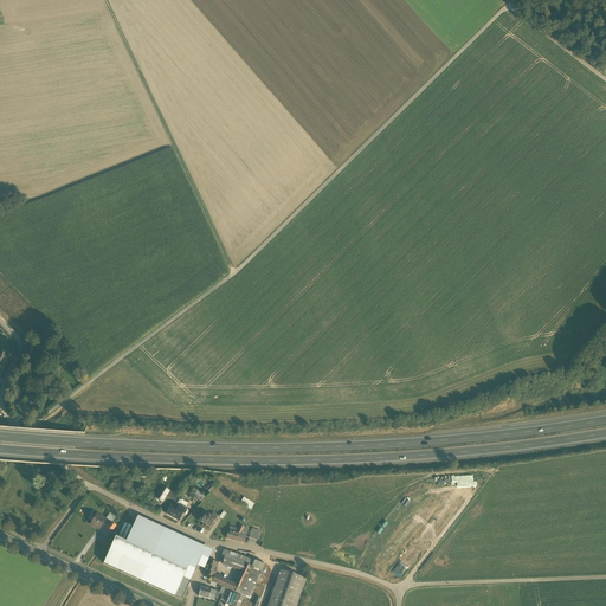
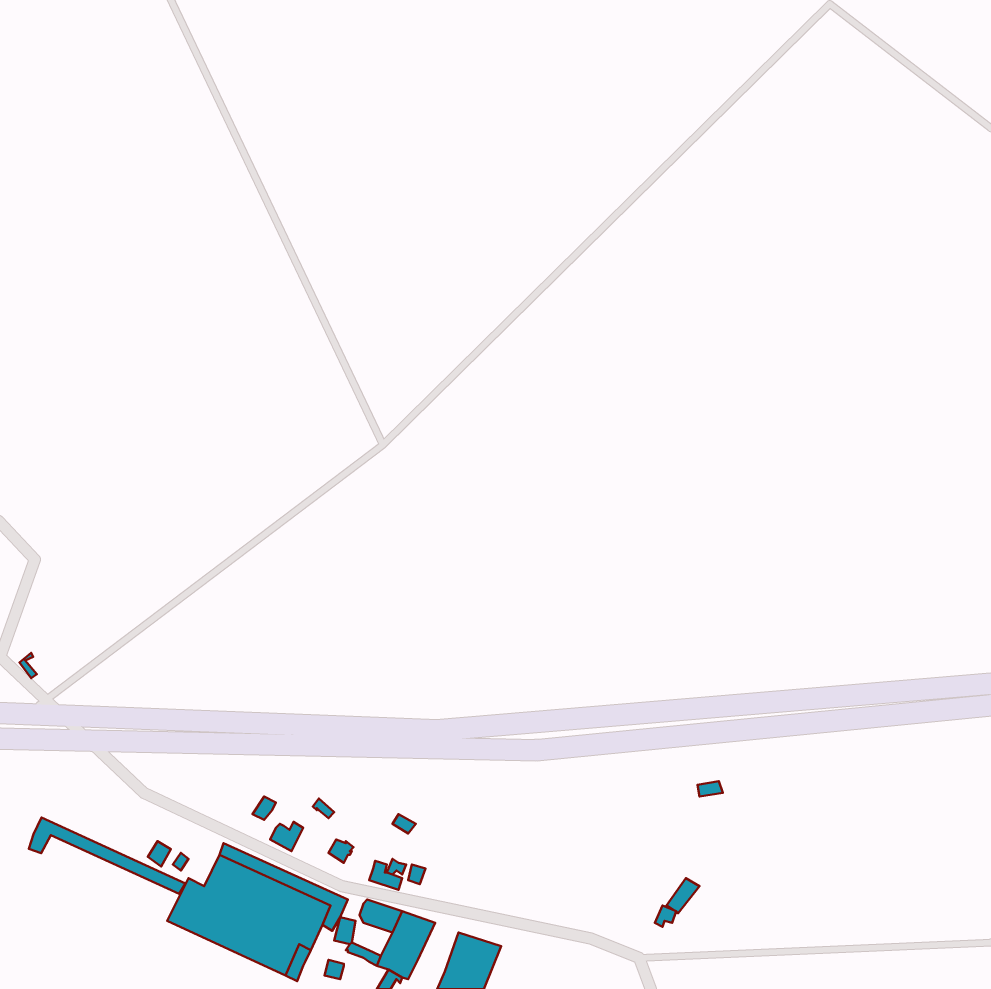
building: none -> [29,817,186,894]

